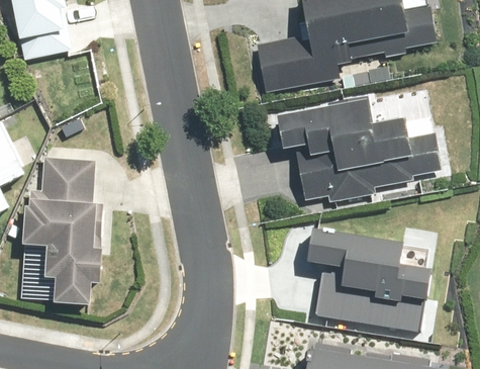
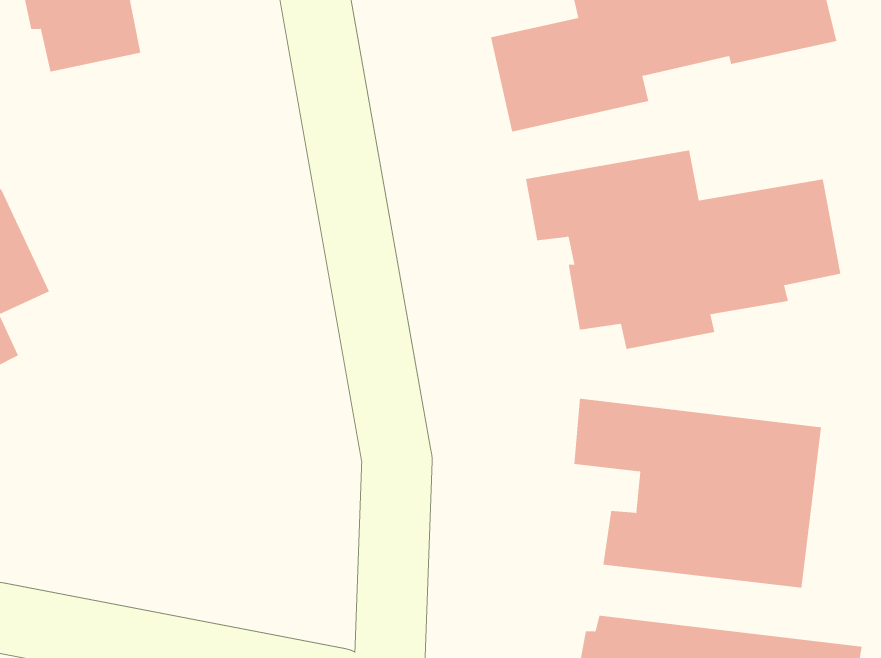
building: [21,160,101,301] -> none

